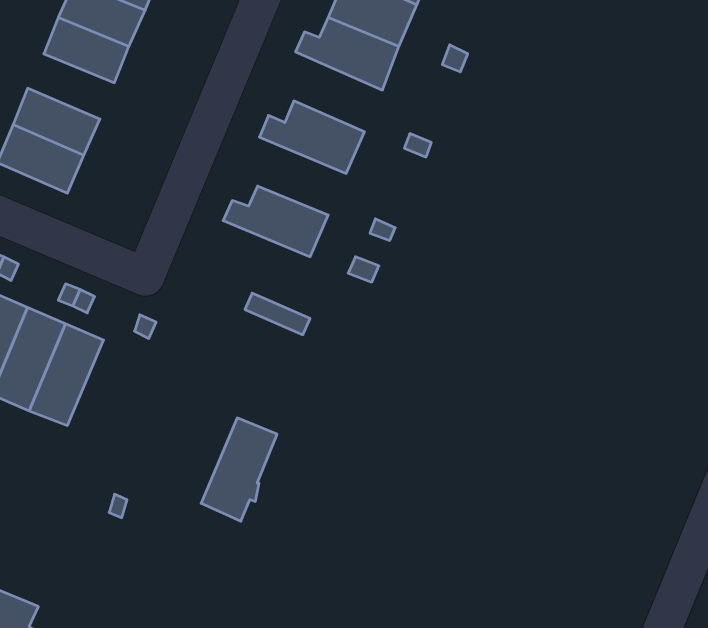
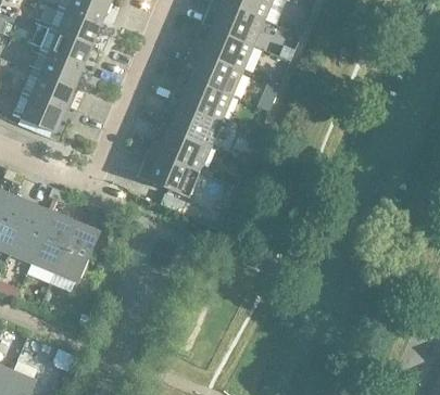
building: none -> [186,49,243,97]
building: none -> [30,50,83,89]
building: none -> [164,100,222,146]
building: none -> [142,150,200,199]
building: [201,418,277,521] -> [54,221,100,283]

